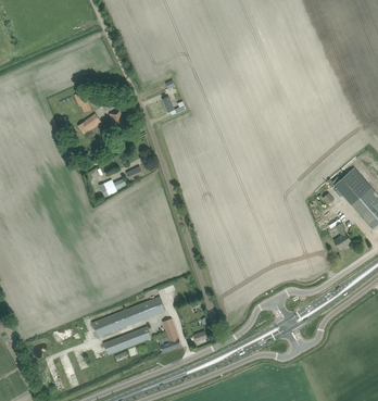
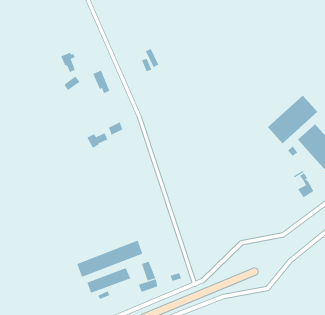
building: none -> [267,95,318,144]

